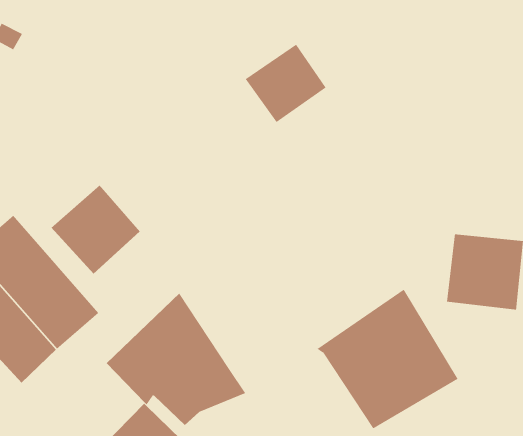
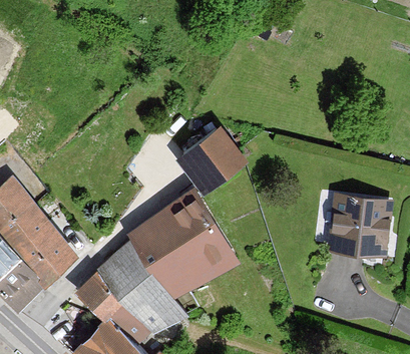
building: [245,44,327,123] -> [181,129,242,188]
building: [51,185,141,275] -> none
building: [317,289,459,429] -> [130,191,235,294]

